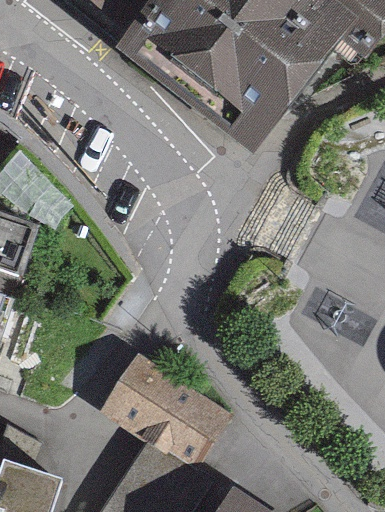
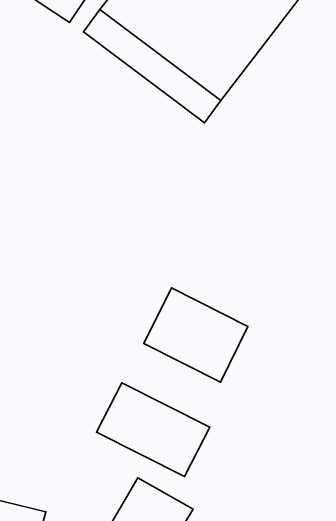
building: none -> [144,288,248,382]

